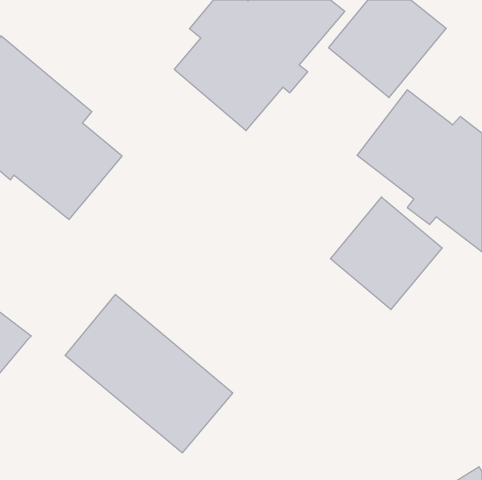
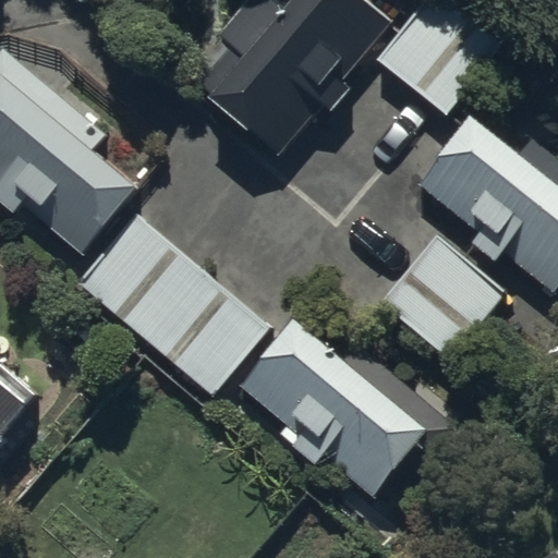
building: none -> [230,313,460,498]
building: [65,295,233,453] -> [76,214,269,396]

